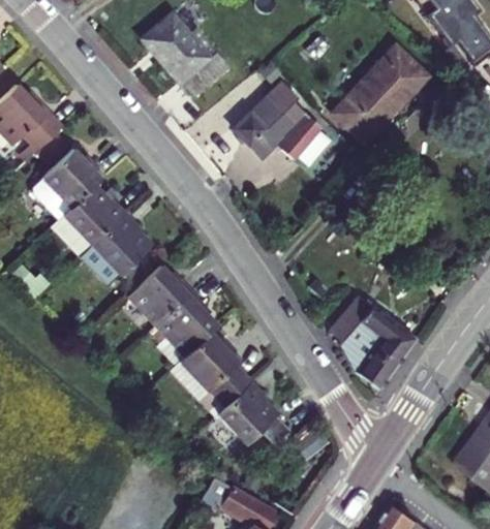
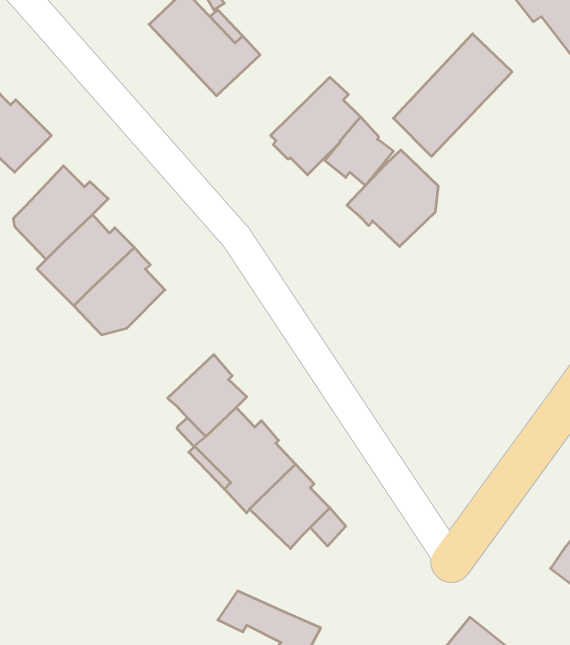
building: none -> [347,150,438,247]
building: [128,272,191,331] -> none
building: [332,291,416,387] -> none

